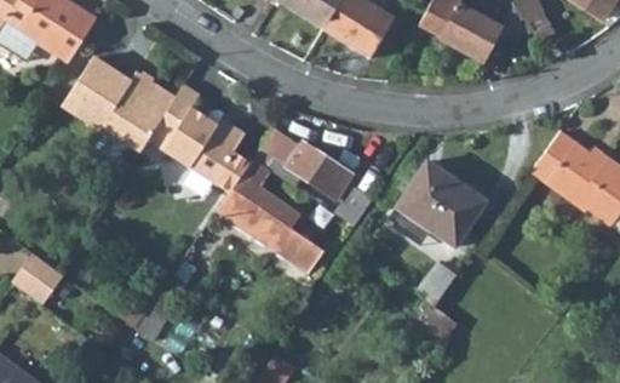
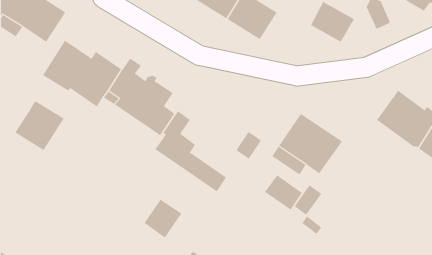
building: [254,128,352,202] -> none
building: none -> [15,100,64,151]
building: none -> [264,175,303,210]
building: [13,252,64,303] -> none
building: none -> [144,199,182,238]

